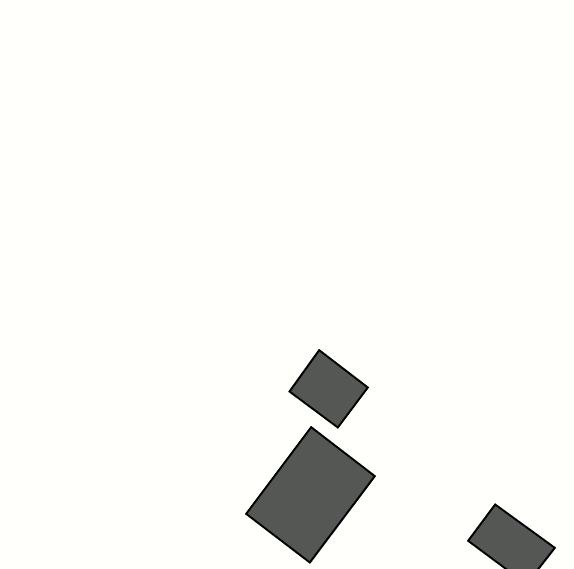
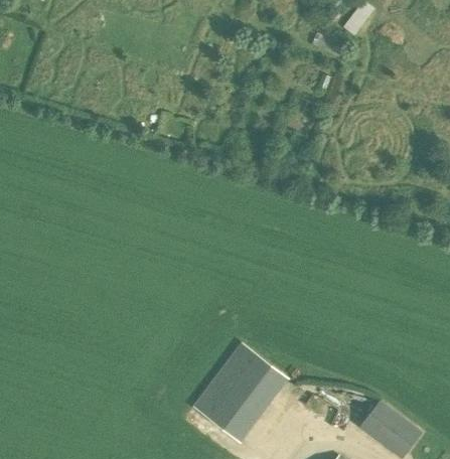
building: [289,350,368,428] -> none

